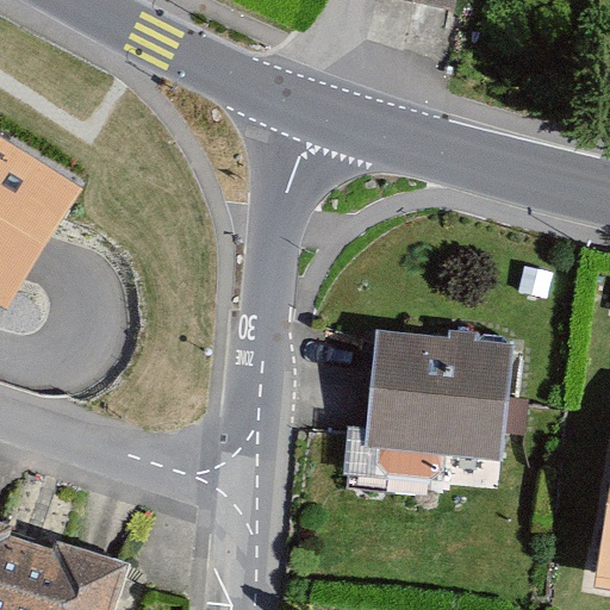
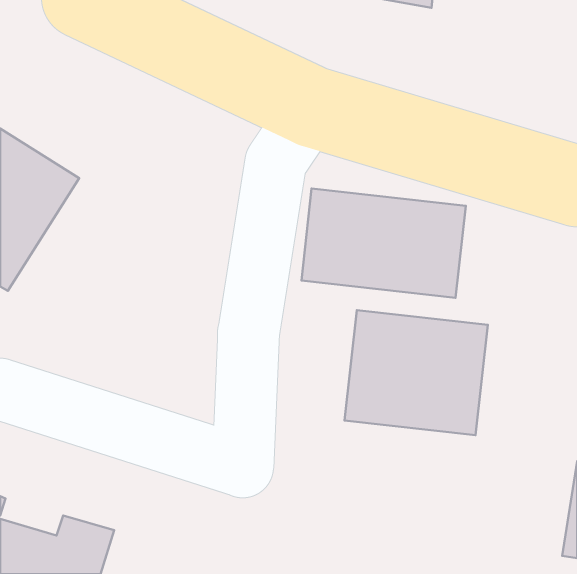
building: none -> [301,189,466,298]

